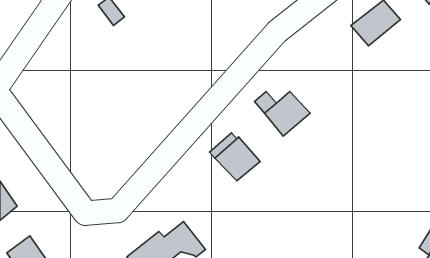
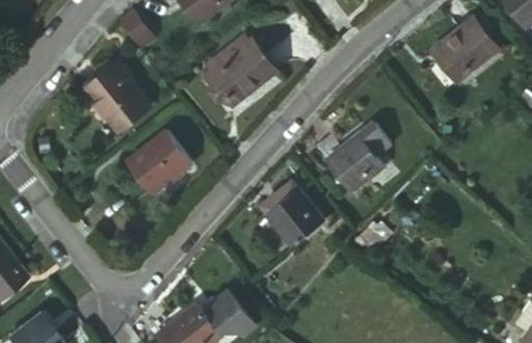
building: none -> [214,44,270,100]
building: none -> [87,63,147,124]
building: none -> [128,131,187,190]

